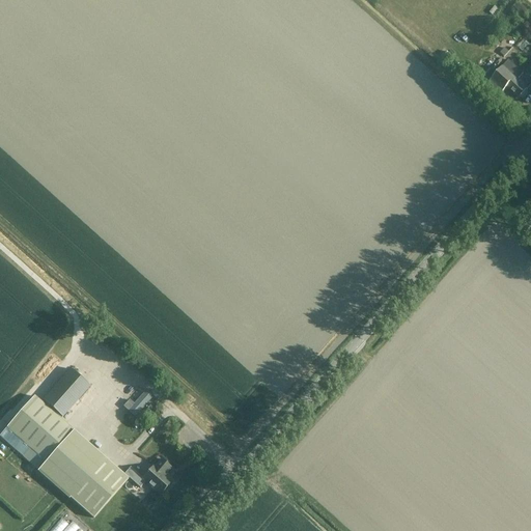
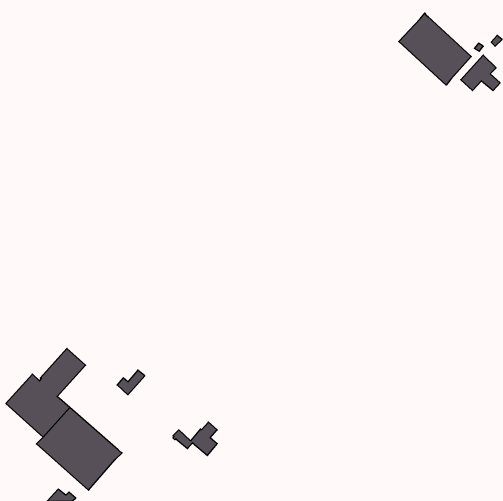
building: none -> [399,13,471,85]
building: [124,457,171,493] -> [173,422,217,456]

